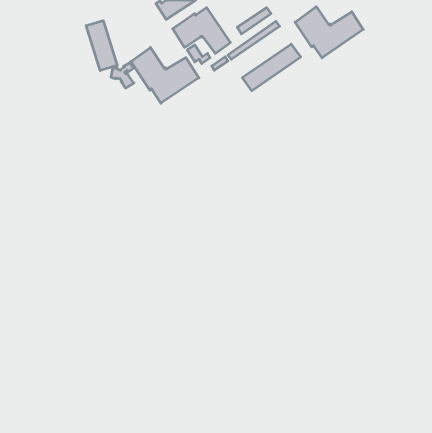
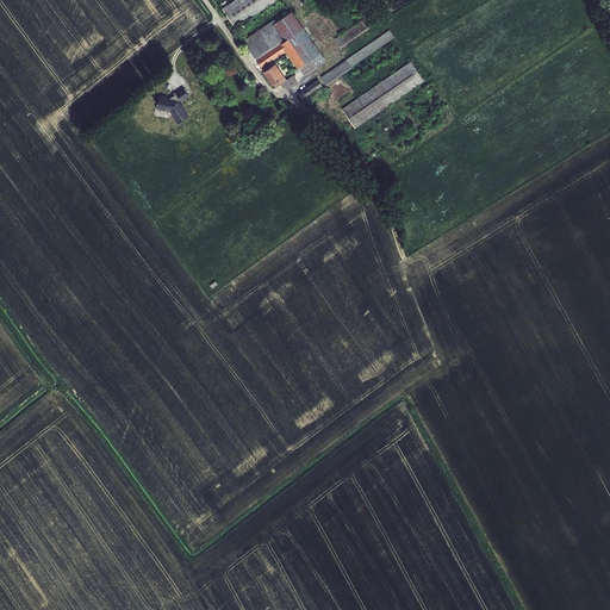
building: [295,7,363,58] -> none
building: [86,21,117,71] -> none
building: [131,47,199,103] -> none

